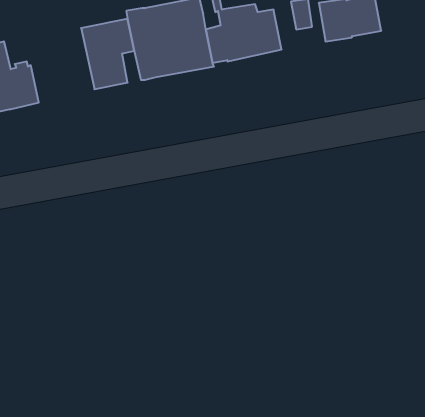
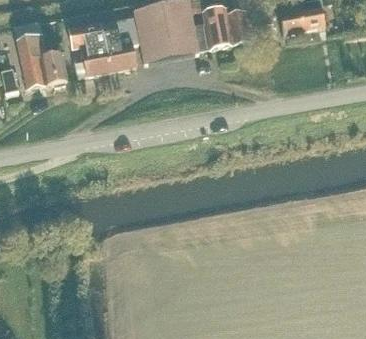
building: none -> [68,24,109,77]

